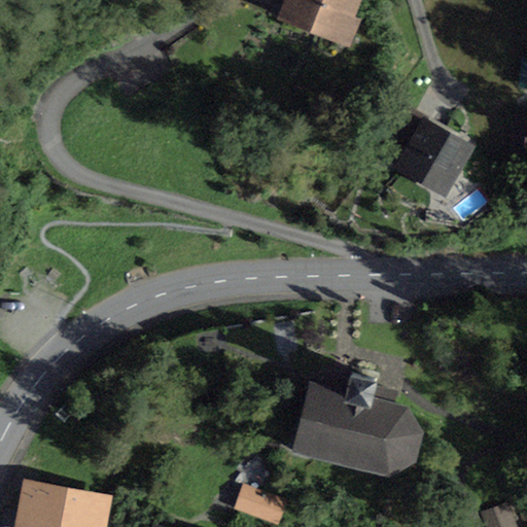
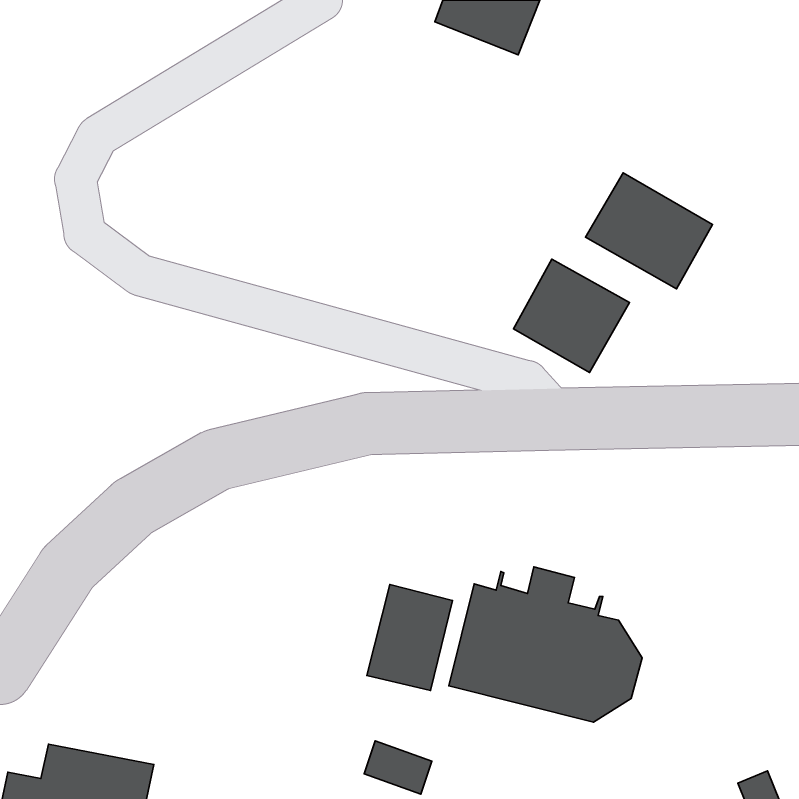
building: none -> [513,259,629,373]
building: none -> [367,585,452,691]

